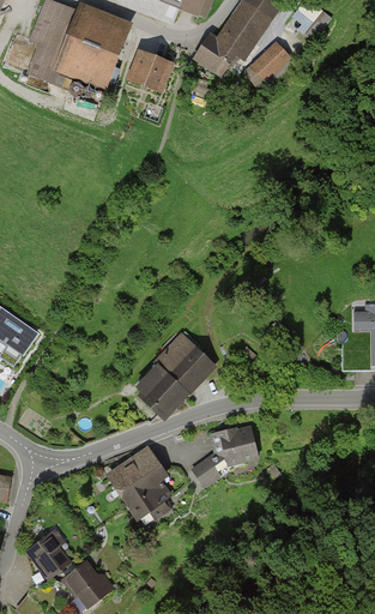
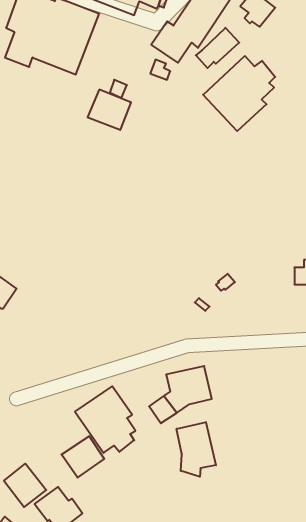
building: [125,48,174,94] -> [88,90,131,130]
building: none -> [203,56,275,131]
building: [135,330,218,421] -> none
building: none -> [177,422,216,477]
building: none -> [61,436,104,478]

